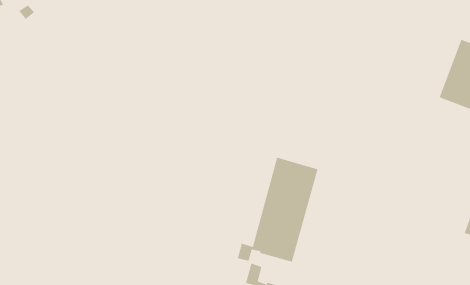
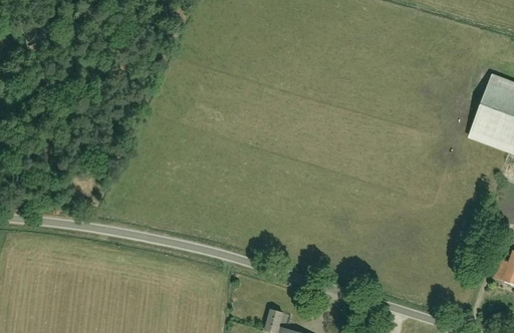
building: [237,157,318,262] -> none

